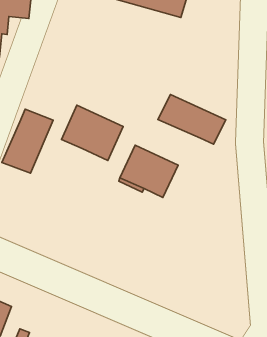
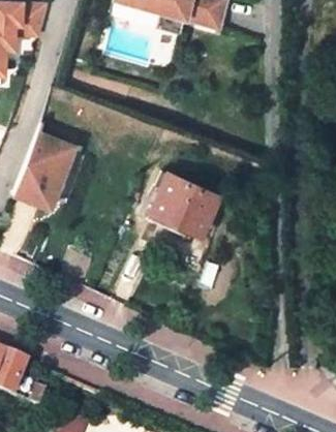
building: [158,95,226,144] -> none
building: [62,105,123,161] -> none

